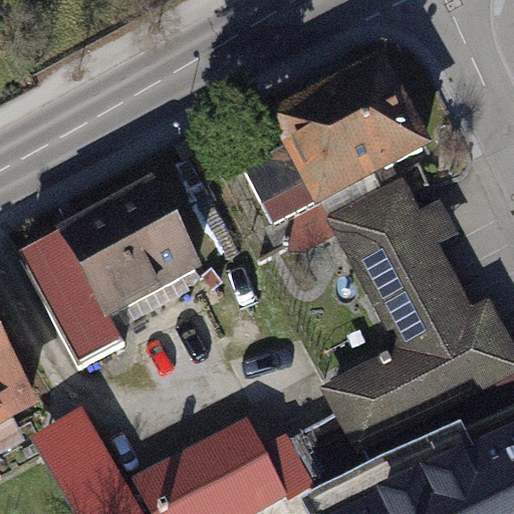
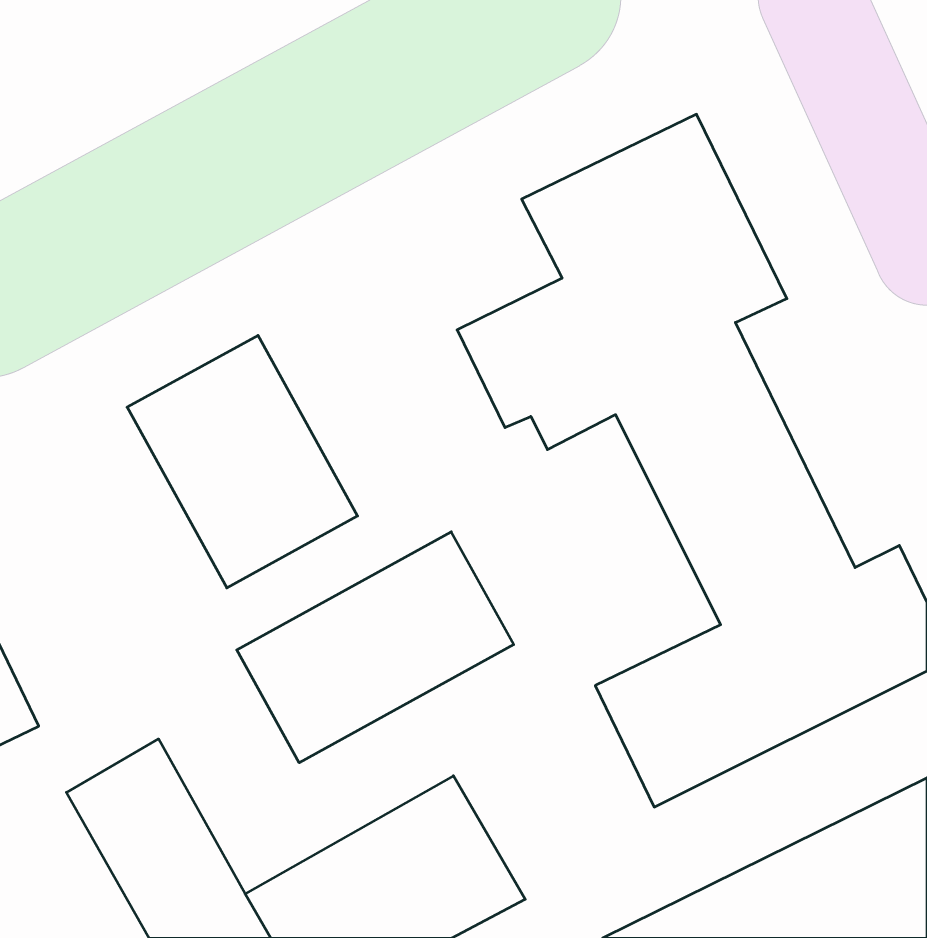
building: [19,222,131,359] -> none
building: none -> [237,532,514,763]

